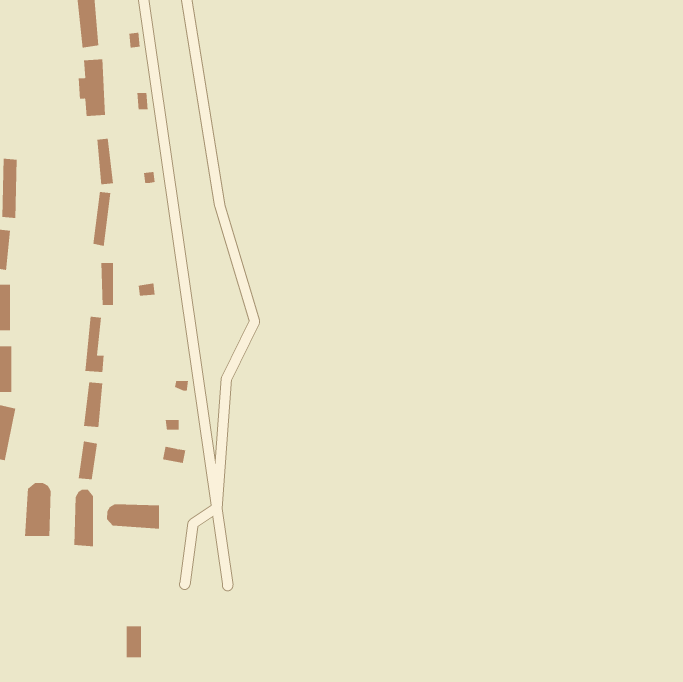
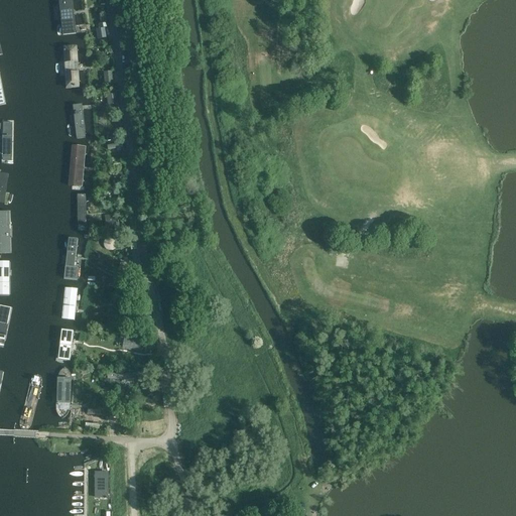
building: [25,482,51,537] -> none
building: [106,503,160,529] -> none

